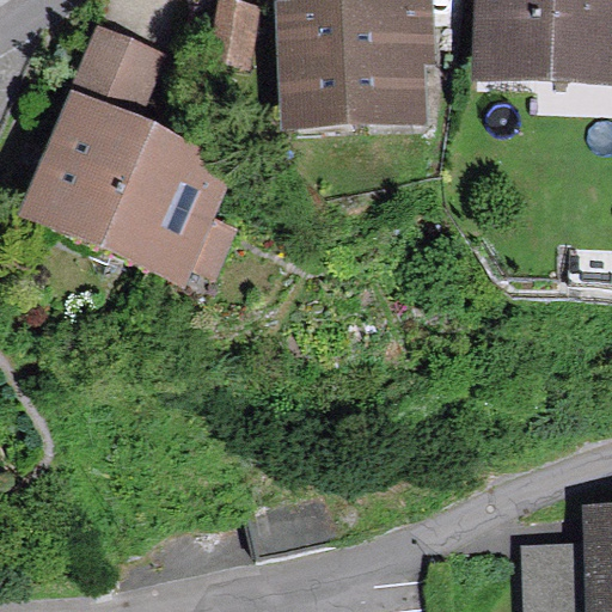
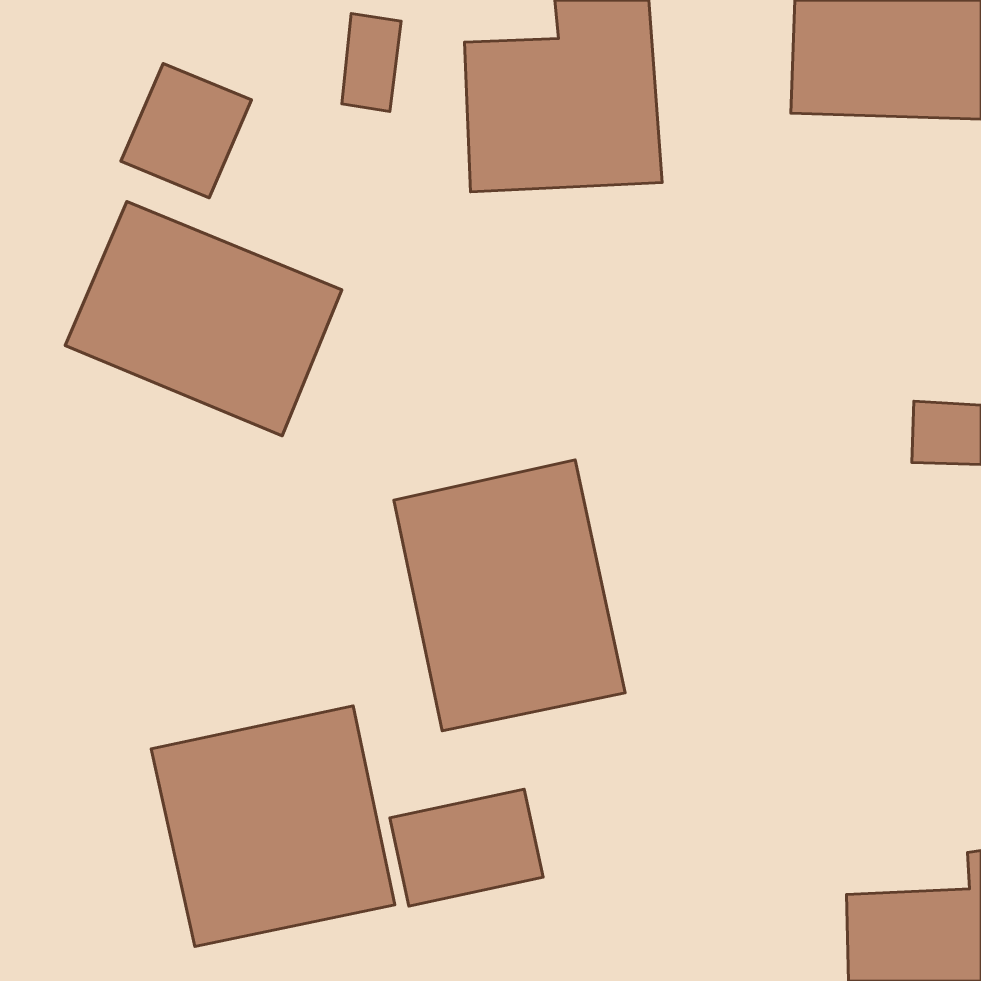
building: none -> [394,460,625,731]
building: none -> [151,706,395,946]

